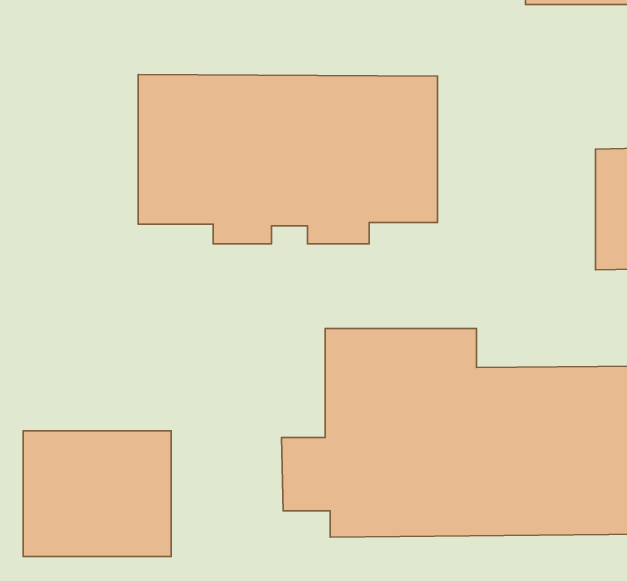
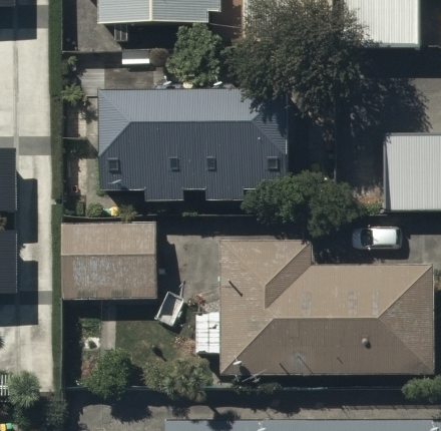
building: [23,431,171,556] -> [62,223,153,300]

